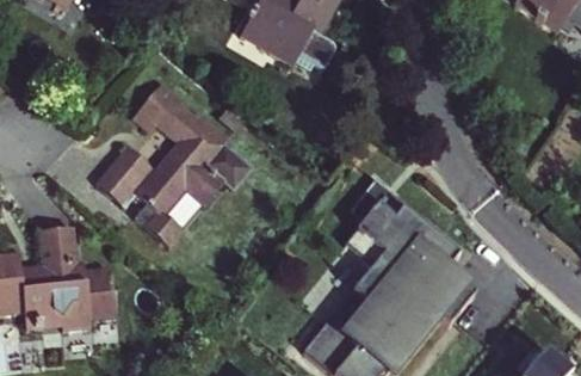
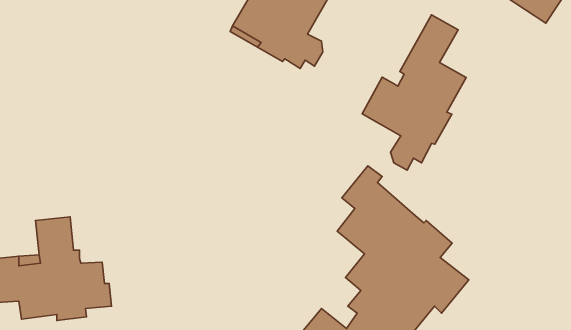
building: none -> [362,15,466,170]
building: [95,80,249,245] -> none

